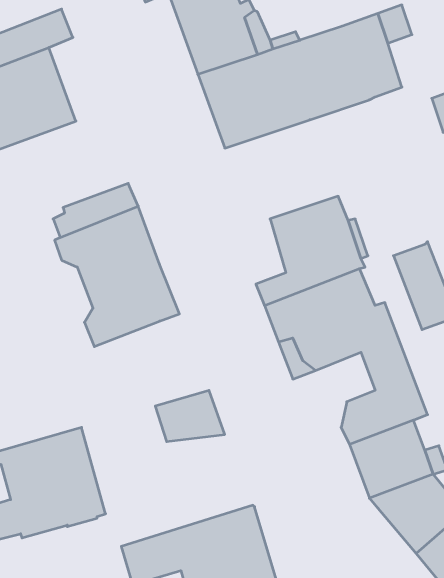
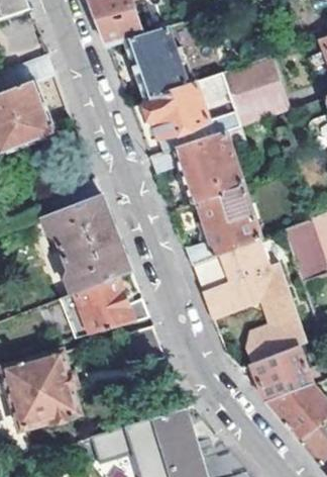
building: none -> [150,131,244,203]
building: none -> [59,275,148,337]

